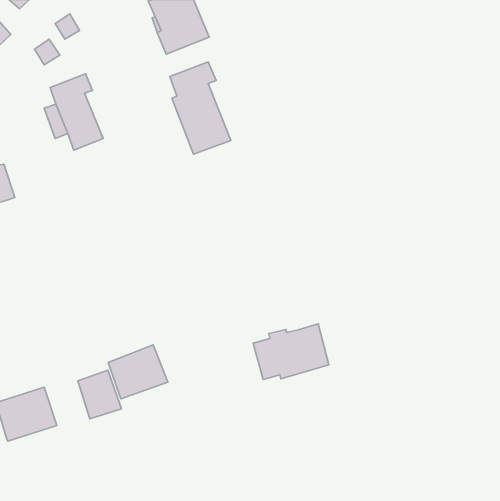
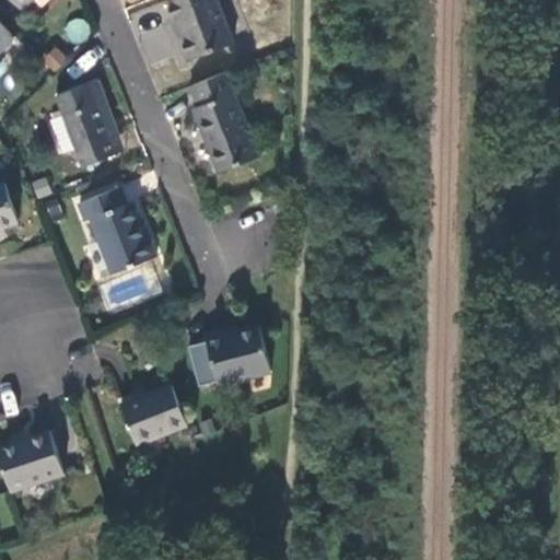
building: none -> [78,188,155,273]
building: [253,324,329,380] -> [187,325,271,387]
building: [78,370,122,419] -> none

